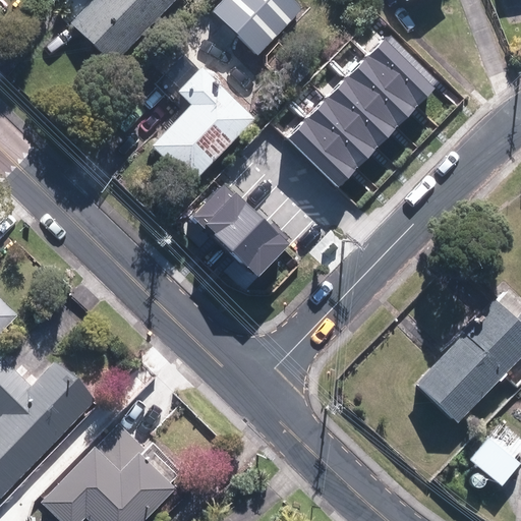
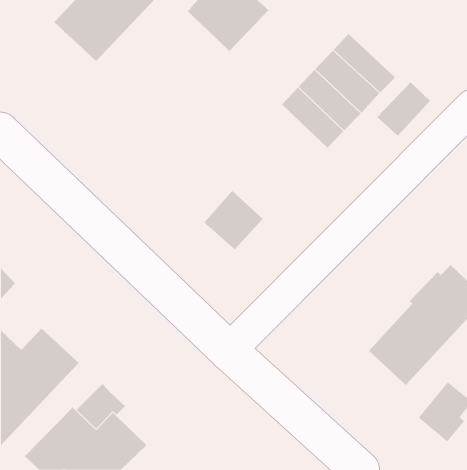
building: [143,69,249,188] -> none
building: none -> [377,82,431,136]
building: [294,115,366,186] -> none
building: [195,179,262,245] -> none

